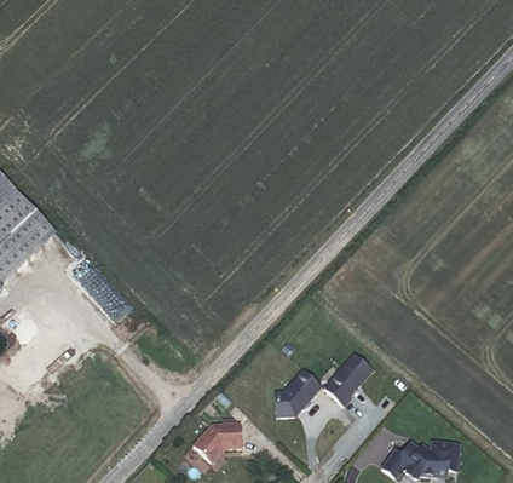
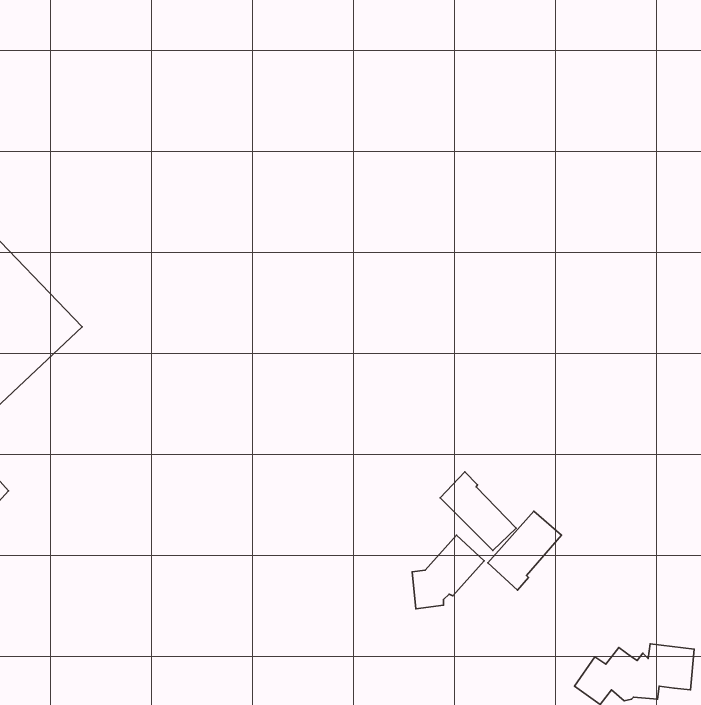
building: none -> [440,472,516,551]
building: [194,422,242,461] -> none

